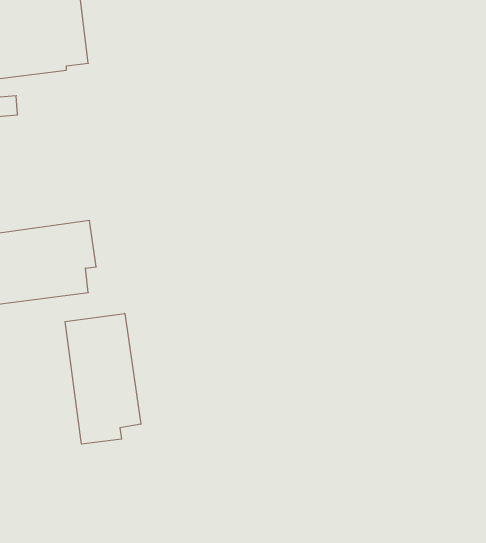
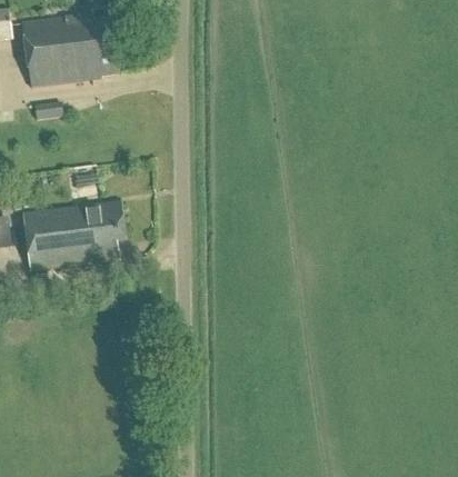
building: [65,313,141,444] -> none

